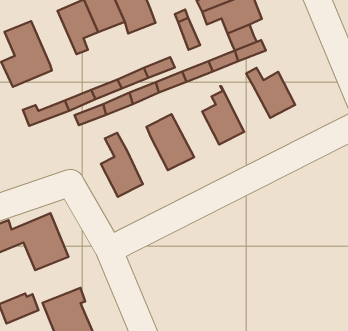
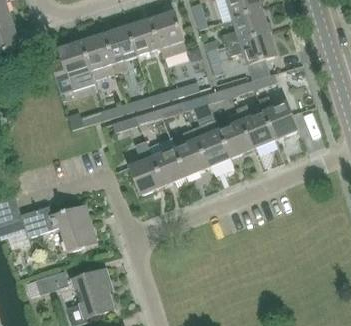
building: none -> [81,34,117,79]
building: none -> [237,105,276,149]
building: none -> [193,120,231,167]
building: none -> [153,147,186,186]

